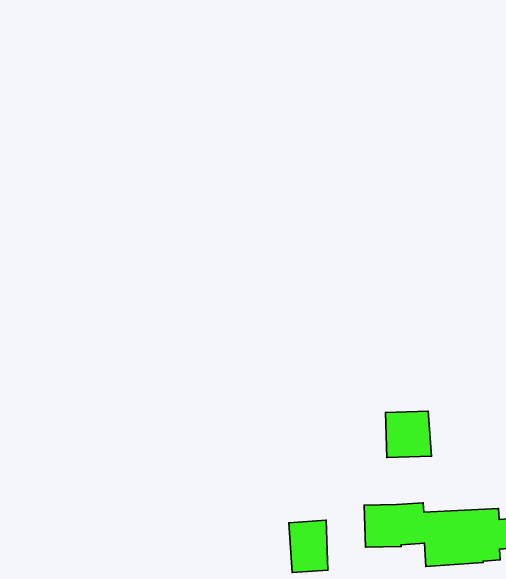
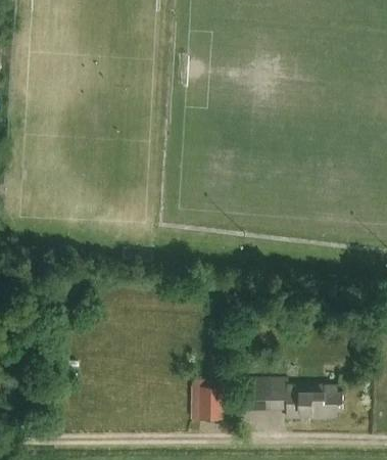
building: [386,411,431,457] -> none

